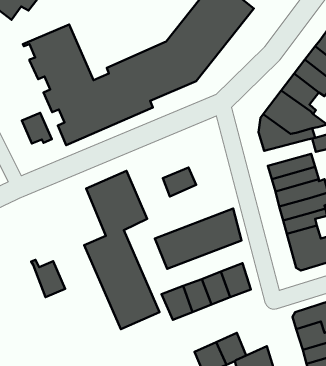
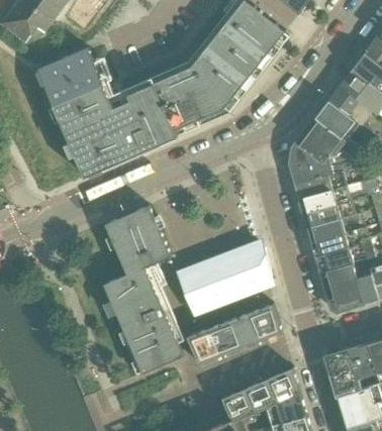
building: [22,113,52,144] -> none
building: none -> [296,171,347,199]
building: [163,167,196,197] -> none
building: [31,260,65,297] -> none
building: none -> [267,367,299,402]

